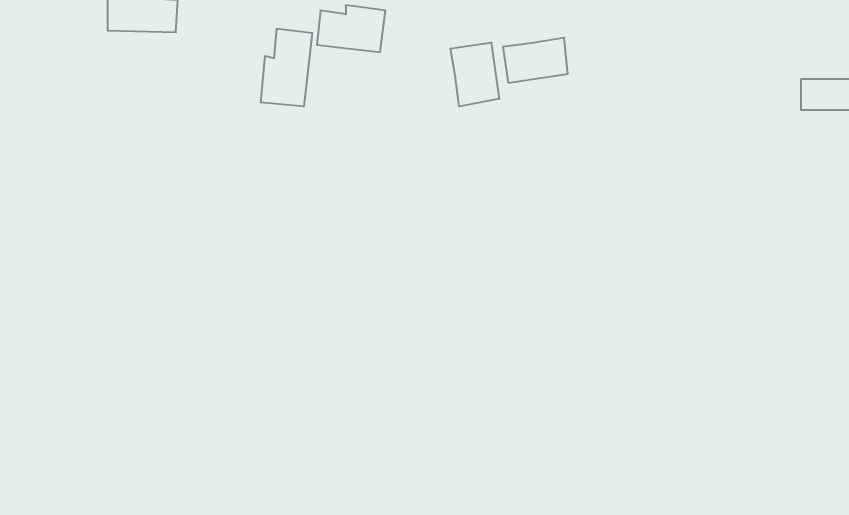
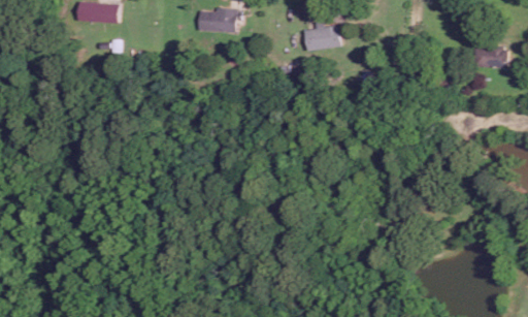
building: [261,29,312,107] -> none
building: [451,42,499,106] -> none

